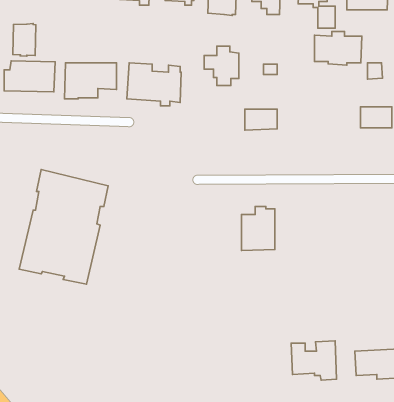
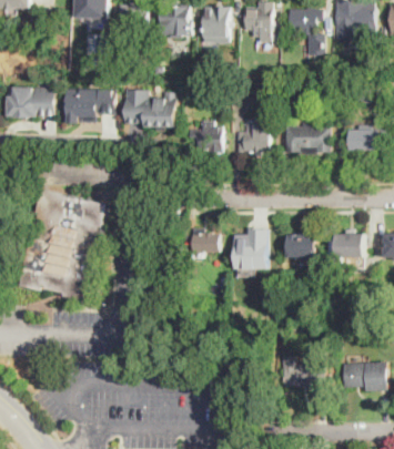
building: [13,24,36,56] -> none
building: [314,32,362,65] -> [284,123,330,155]
building: [204,46,239,86] -> [188,121,221,159]
building: none -> [191,229,219,259]
building: none -> [285,235,314,258]
building: none -> [332,237,363,258]

